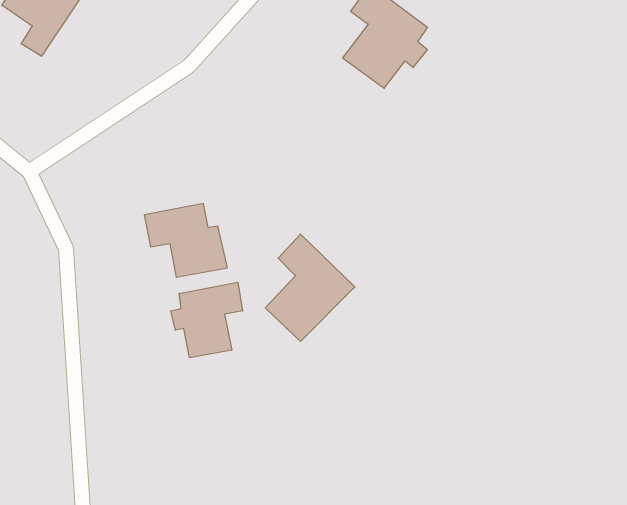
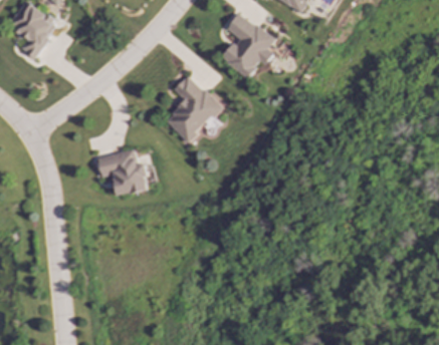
building: [265,234,355,341] -> [165,74,221,141]
building: [171,282,242,358] -> none

